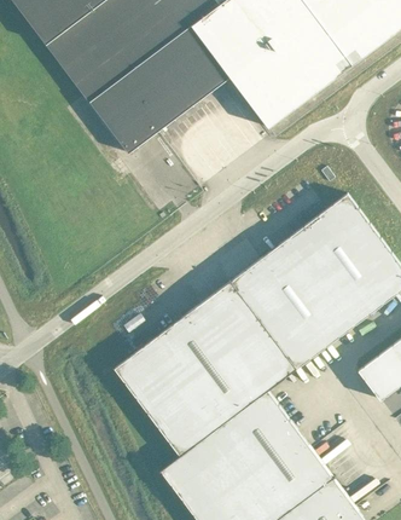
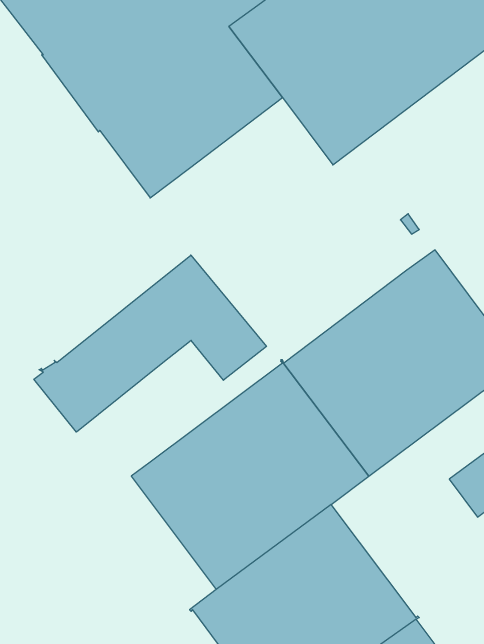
building: none -> [34,255,266,432]

